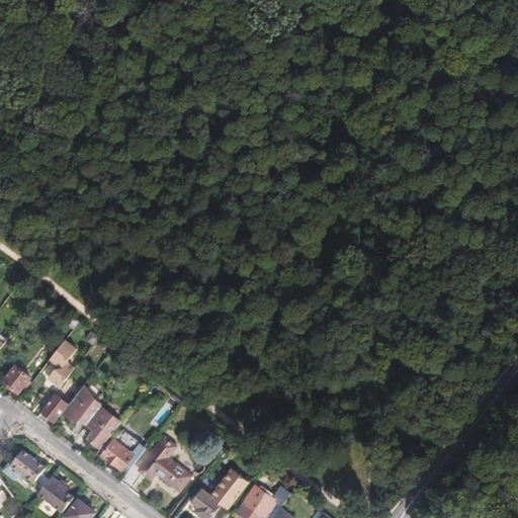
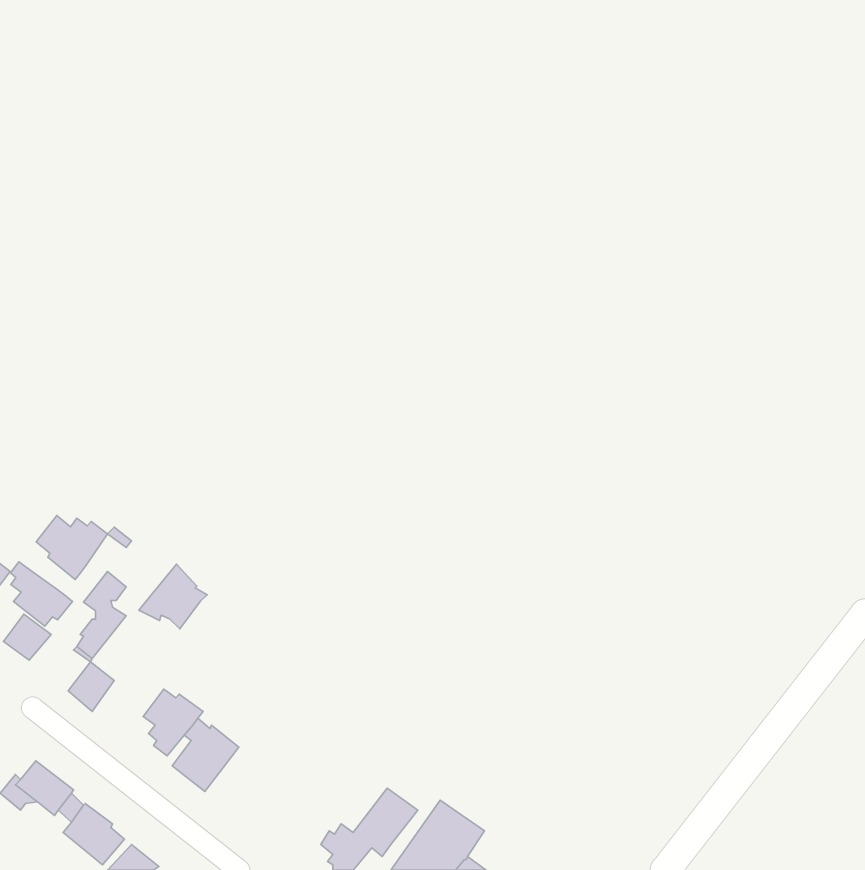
building: none -> [36,516,107,579]
building: none -> [10,562,73,626]
building: [61,386,101,425] -> [139,564,207,629]
building: [139,436,191,491] -> none

